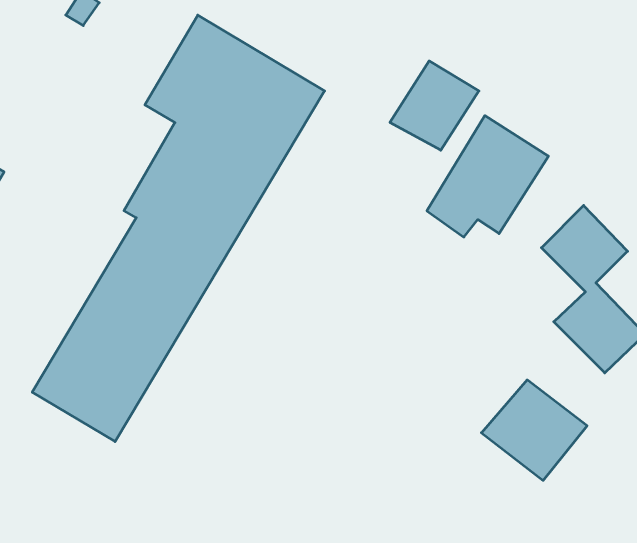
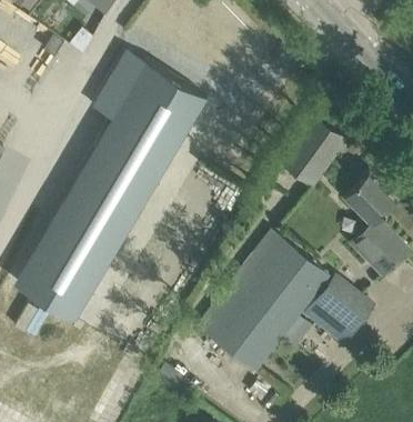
building: [390,61,479,150] -> none
building: none -> [198,231,329,370]

